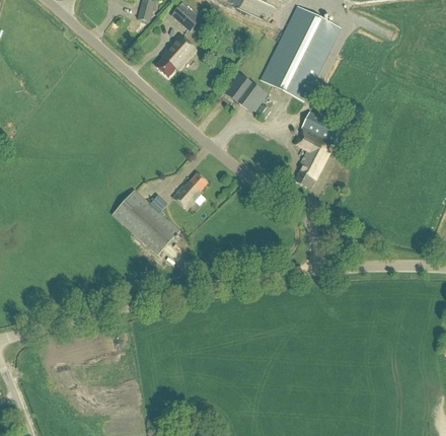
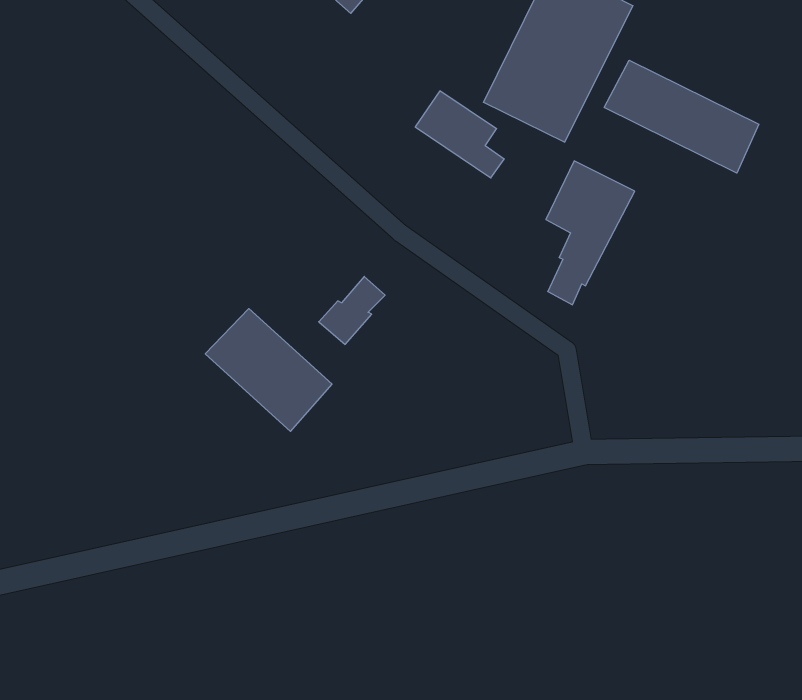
building: [155,33,197,76] -> none
building: none -> [604,60,759,173]

